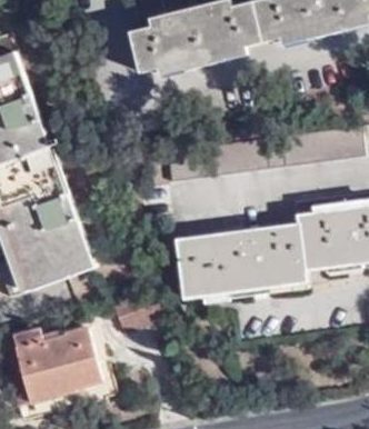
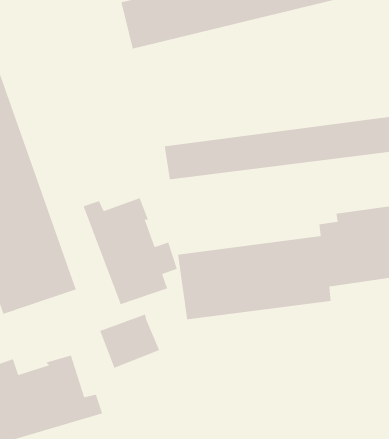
building: none -> [82,197,178,305]

